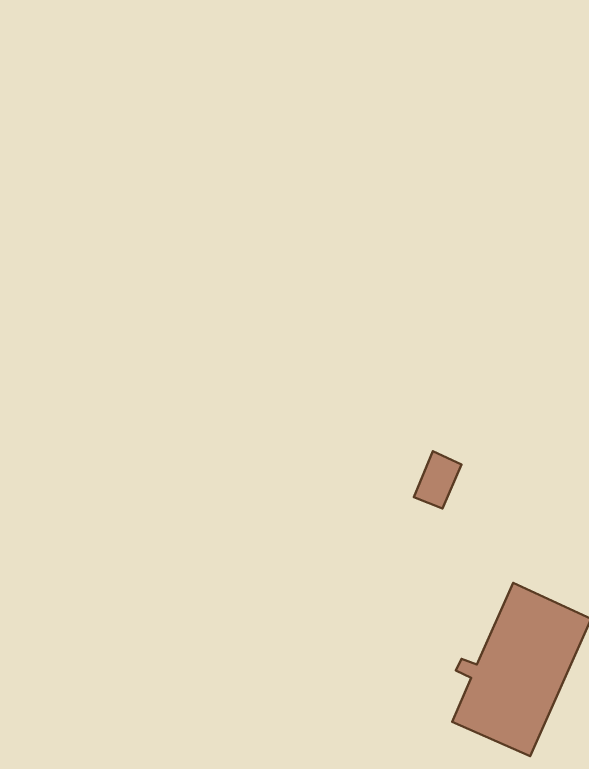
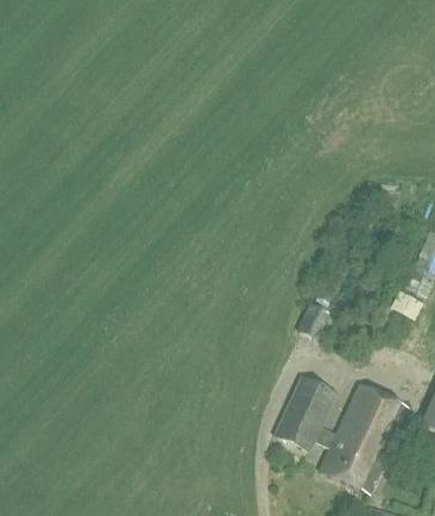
building: none -> [276,376,334,448]

